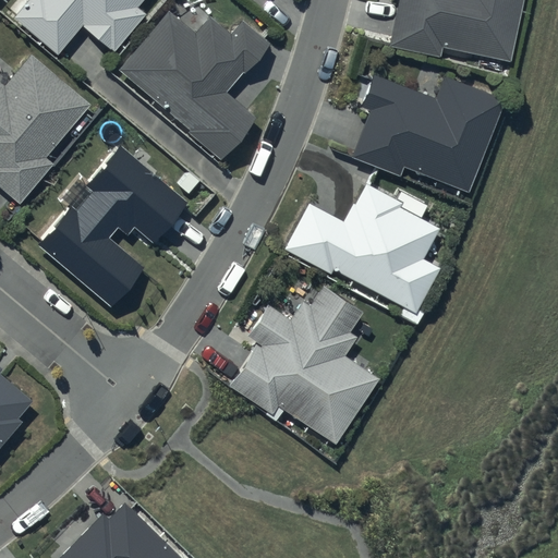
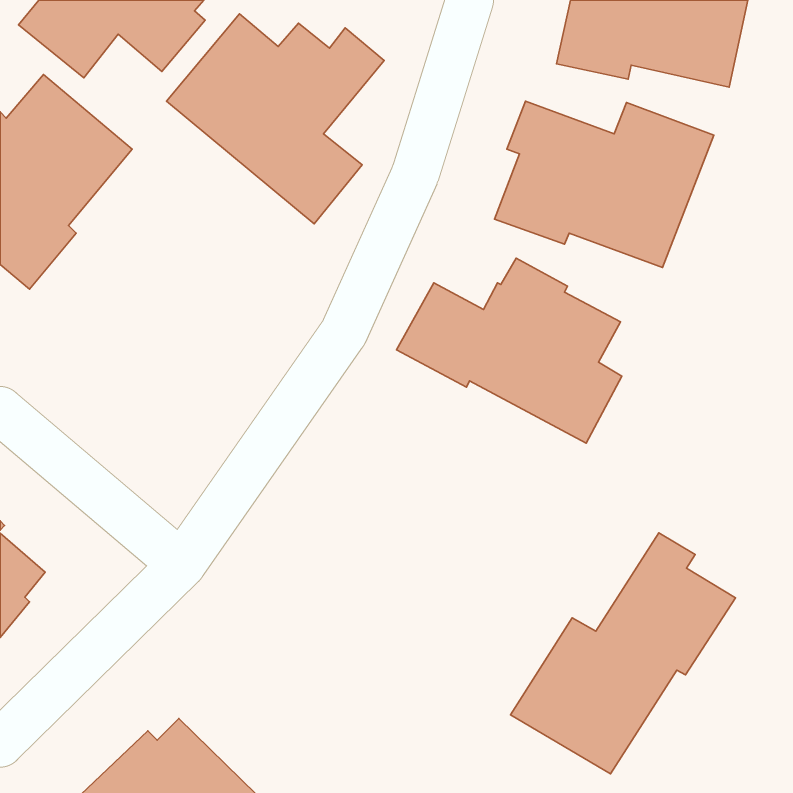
building: [37,146,191,306] -> none
building: [226,282,376,441] -> none
building: none -> [511,533,735,774]

